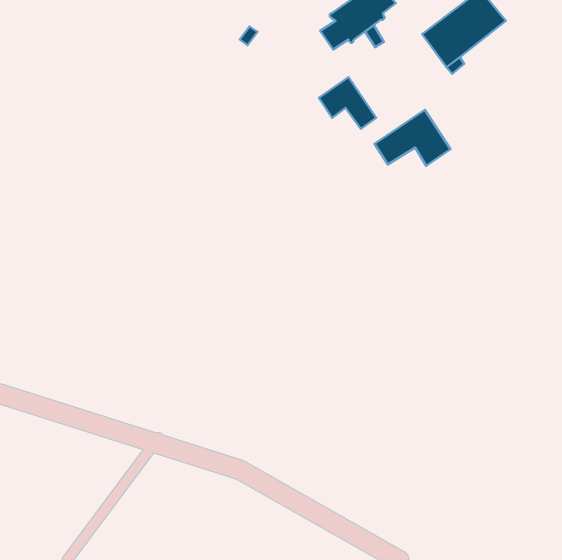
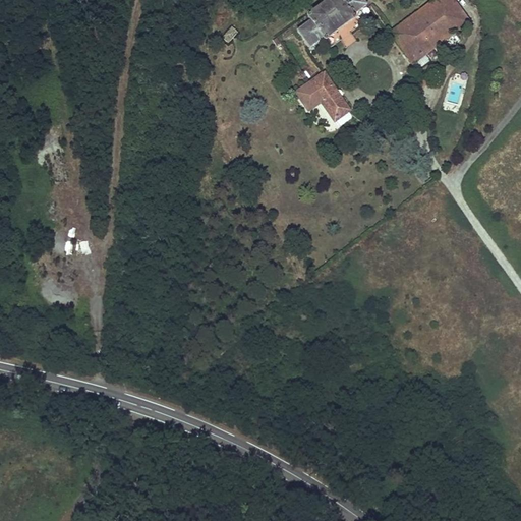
building: [375,110,450,166] -> none

